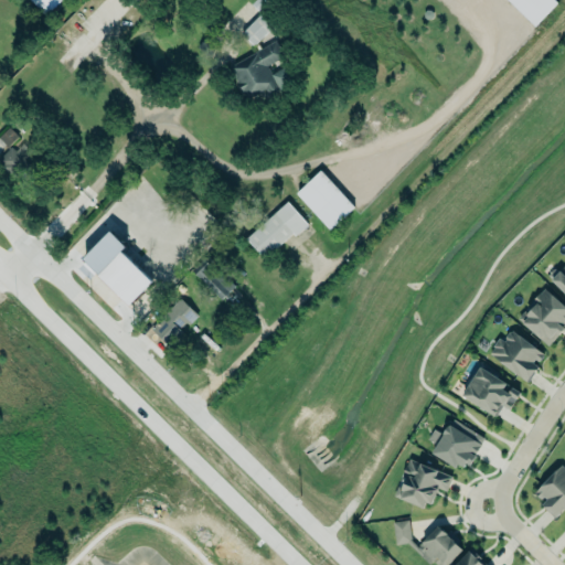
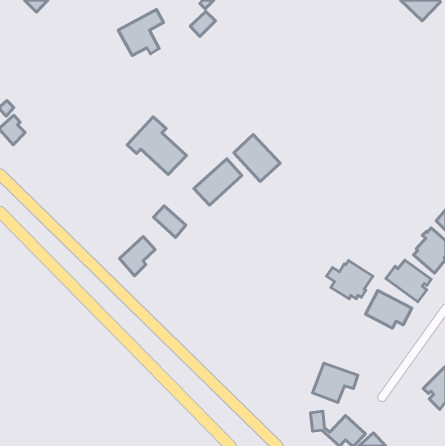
building: [227,39,285,97] -> [118,9,163,56]
building: [78,232,153,305] -> [127,117,186,175]
building: [428,418,487,467] -> [327,260,373,299]

